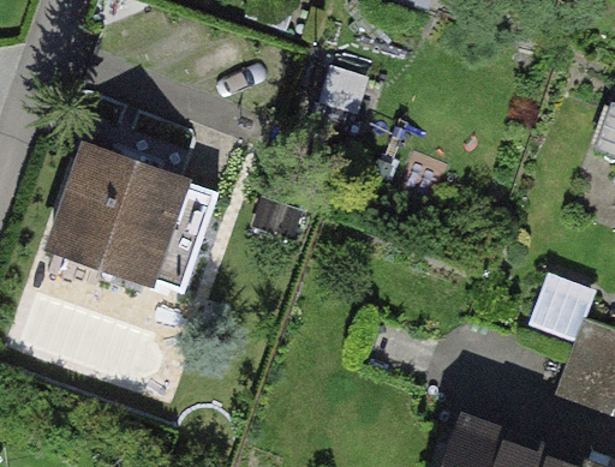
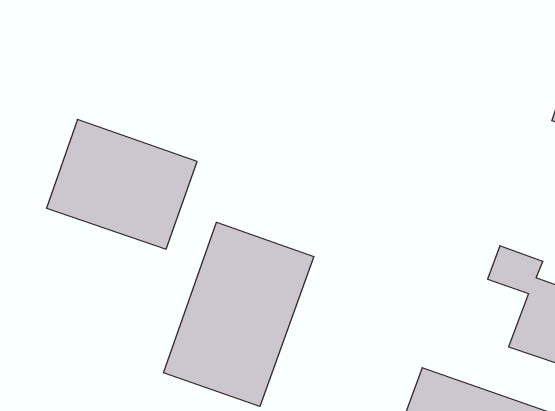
building: none -> [164,222,314,406]

